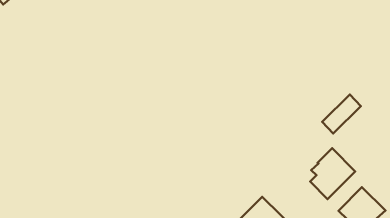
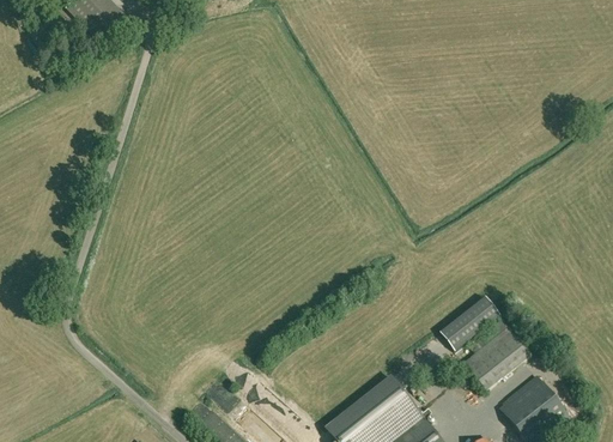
building: [322,94,361,134] -> [439,295,499,350]

